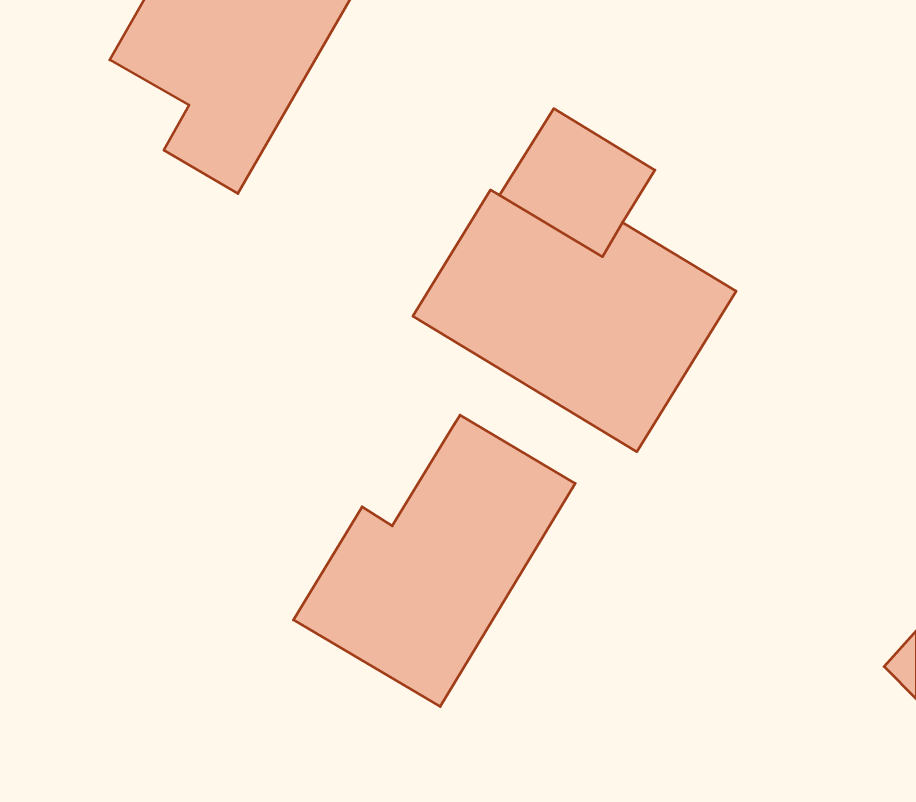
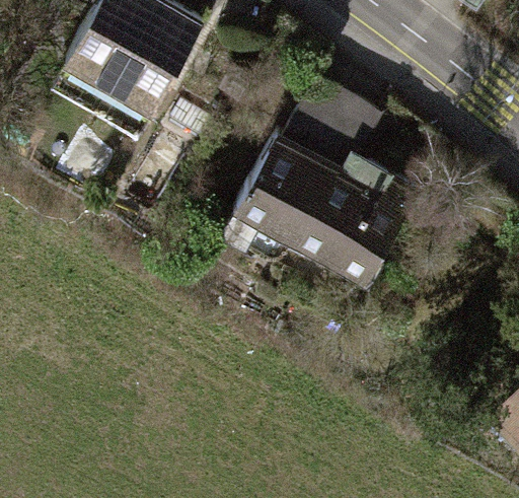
building: [293,415,575,707] -> none

